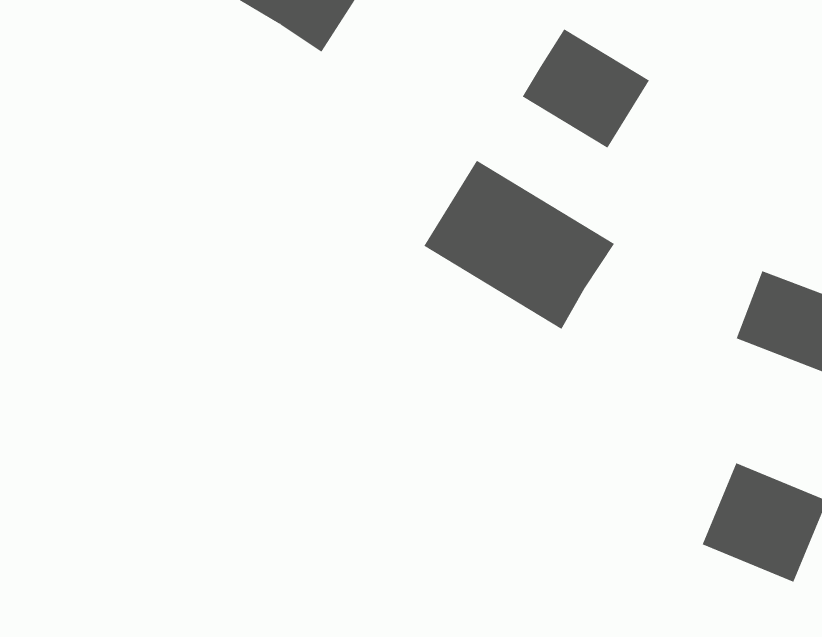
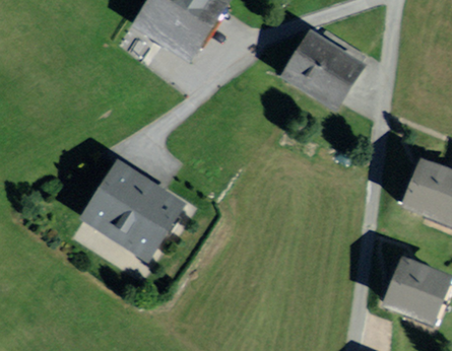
building: [424,160,615,330] -> none
building: none -> [88,164,181,255]

